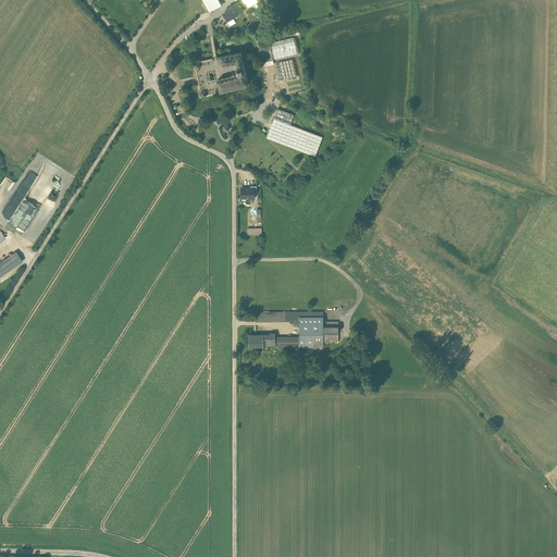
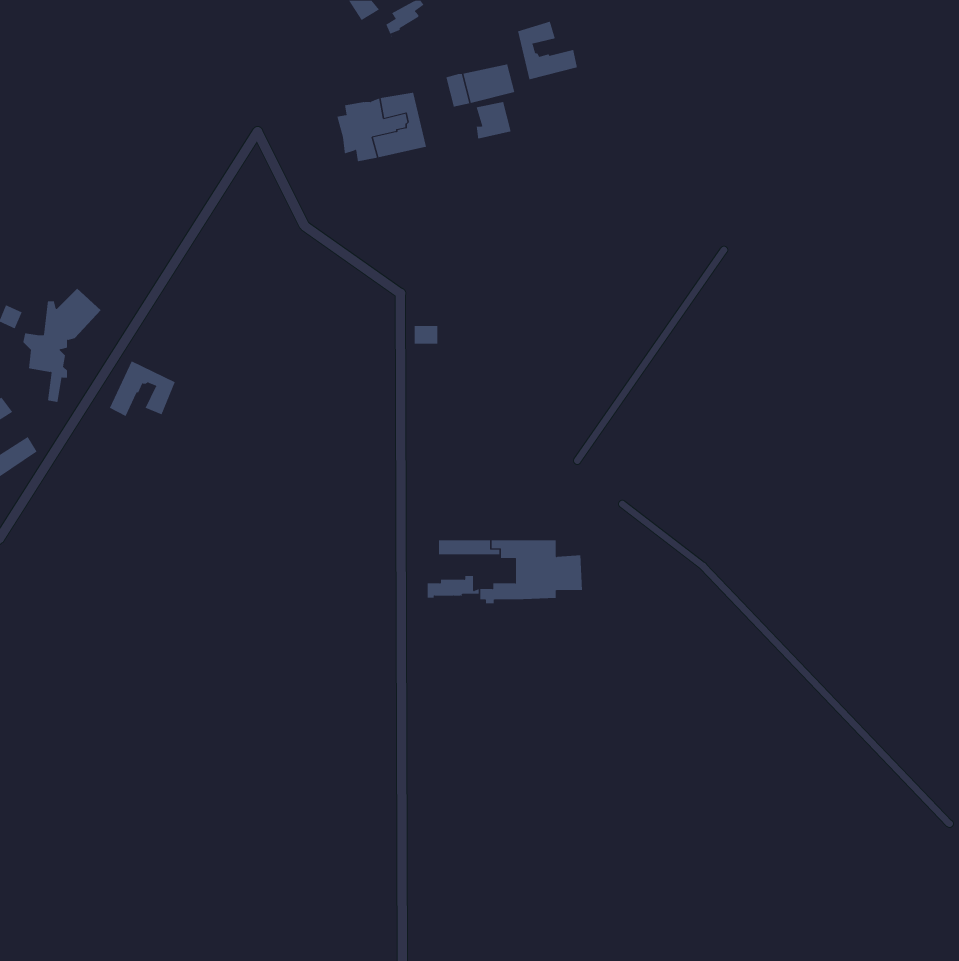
building: none -> [518,21,578,80]
building: [265,109,321,157] -> none
building: none -> [109,361,175,417]

